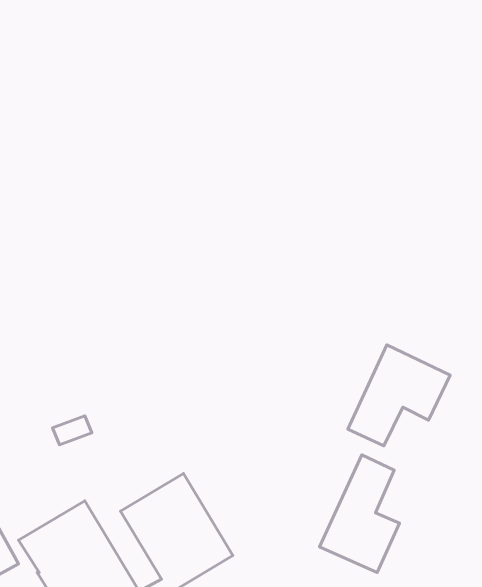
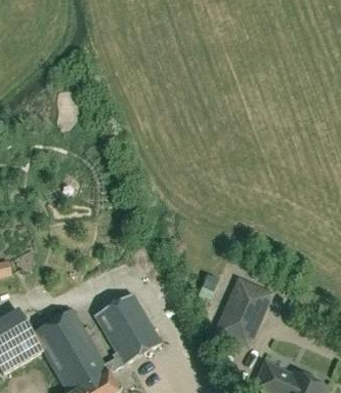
building: [348,345,450,446] -> none

